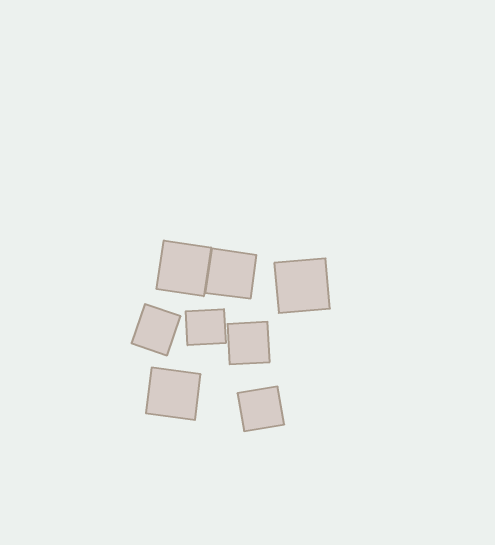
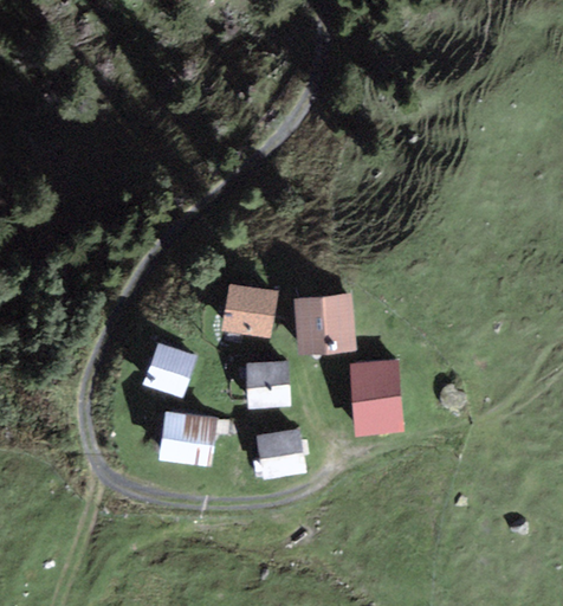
building: [157,240,211,296] -> none
building: [186,309,226,345] -> none
building: none -> [350,360,402,434]

